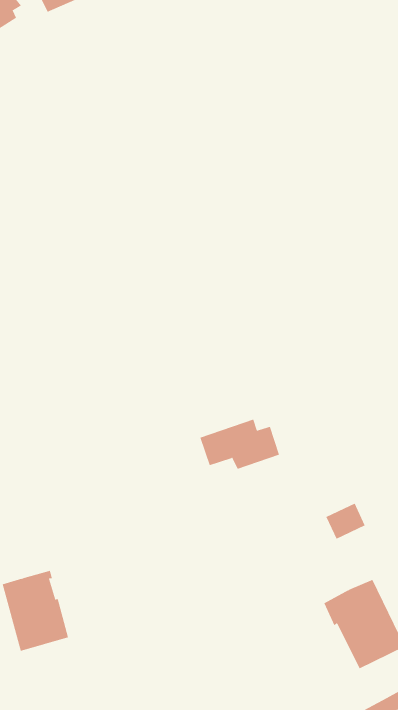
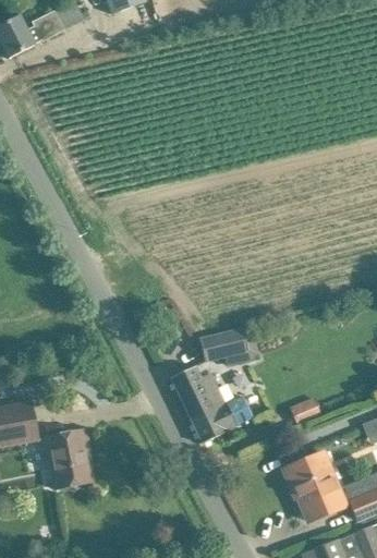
building: none -> [171,366,254,441]

